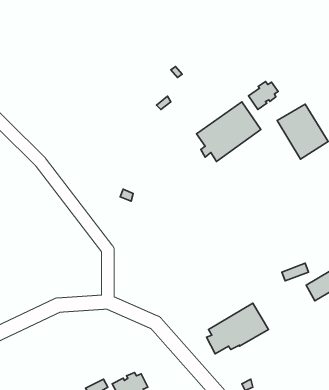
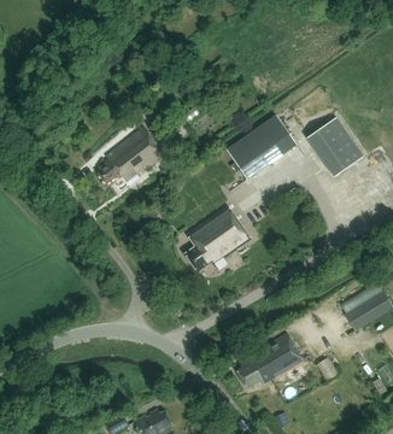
building: [249,81,278,109] -> none
building: none -> [95,127,164,184]
building: none -> [183,206,250,271]

